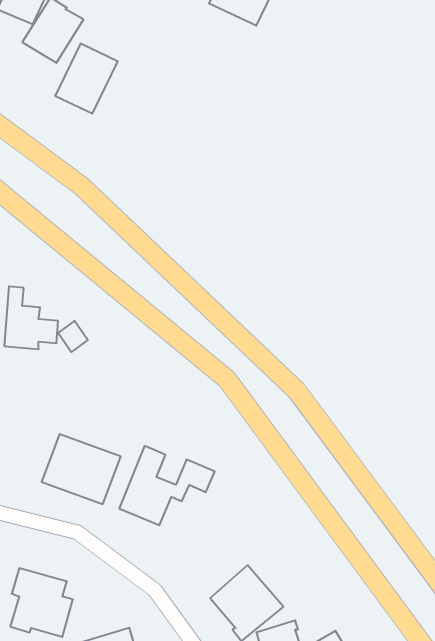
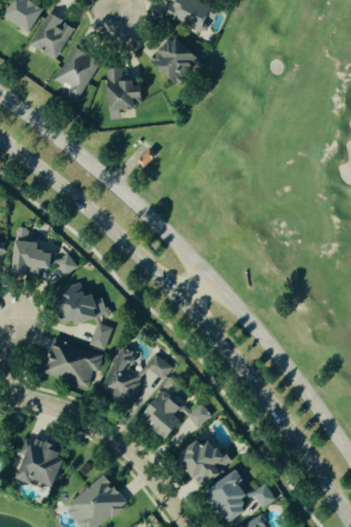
building: none -> [149,34,199,83]
building: none -> [109,69,146,110]
building: none -> [59,283,111,349]
building: none -> [141,391,207,439]

